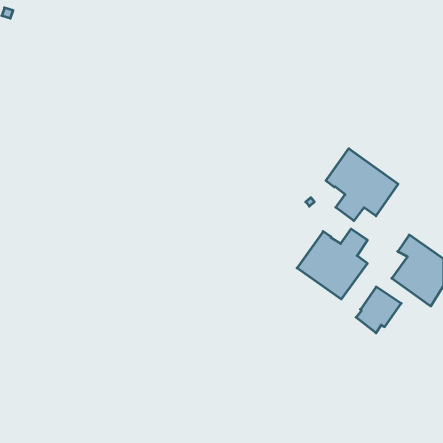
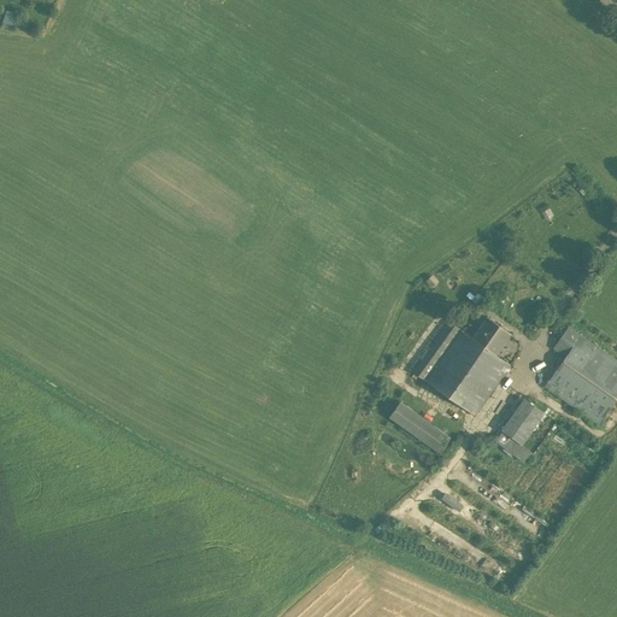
building: [326,149,398,221] -> none
building: none -> [389,402,451,453]

